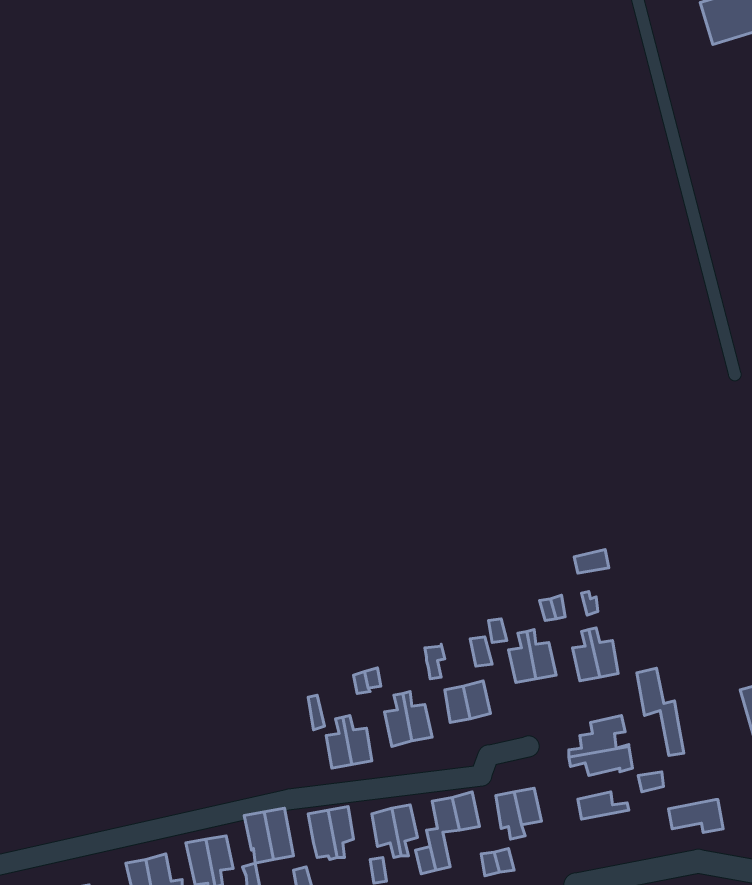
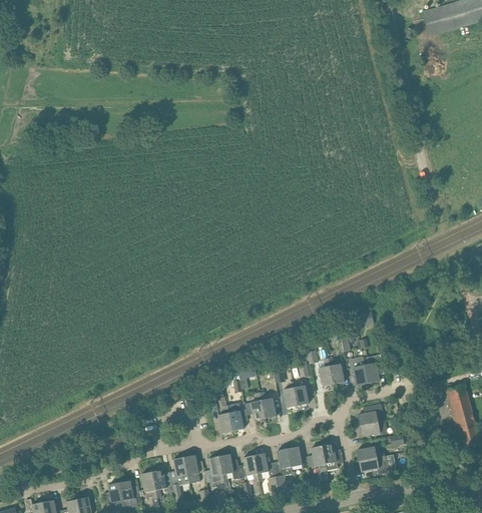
building: [637,668,684,755] -> none
building: [669,800,723,832] -> [359,456,389,474]

